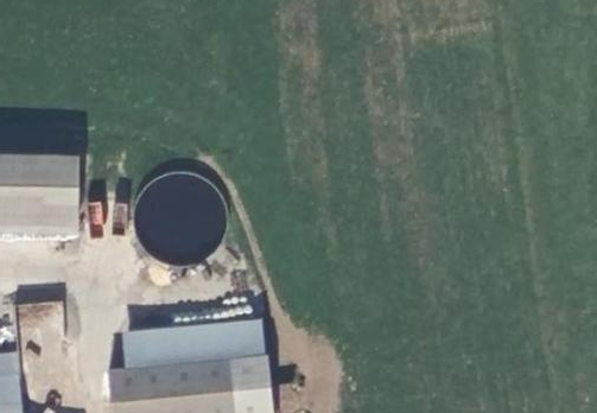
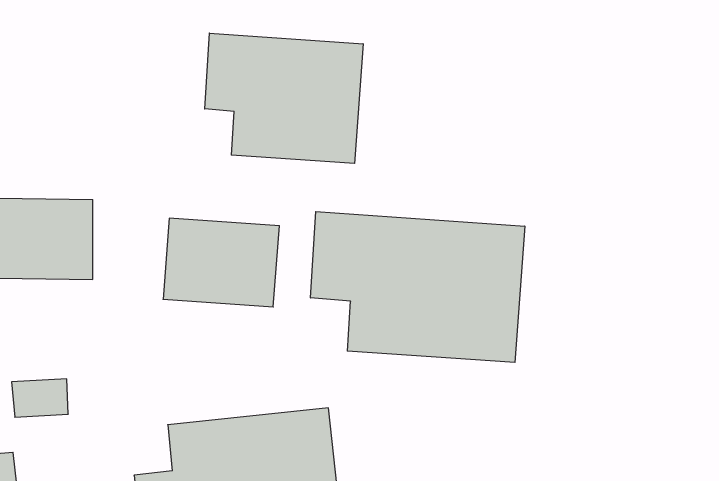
building: none -> [205,33,363,163]
building: none -> [311,212,525,362]

